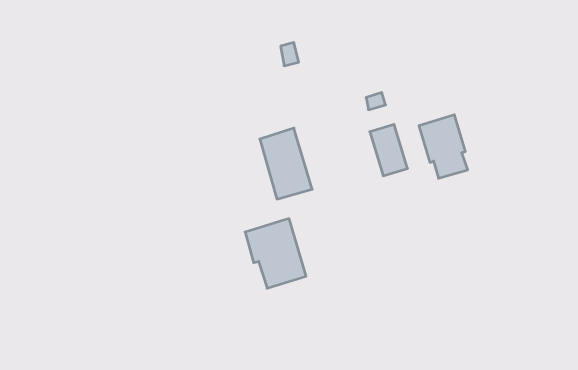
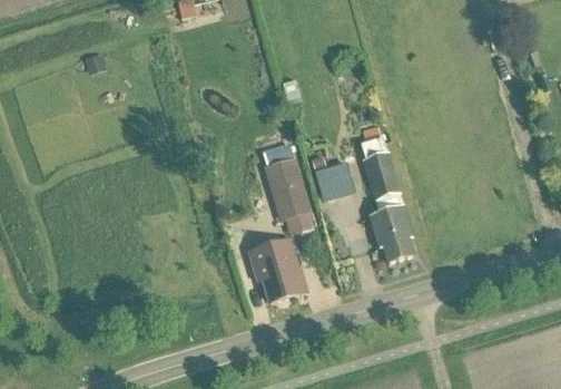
building: [419,115,468,178] -> [370,204,414,262]
building: none -> [316,157,355,196]

